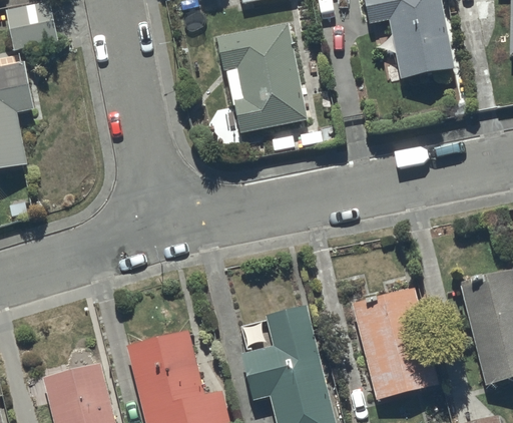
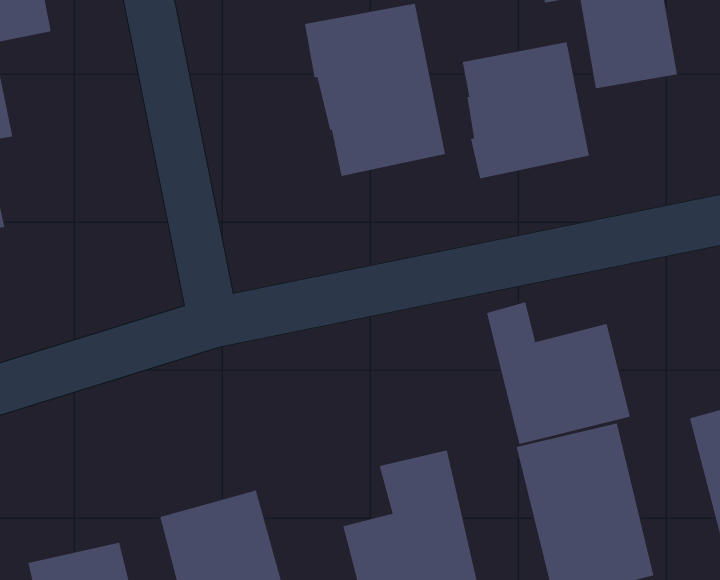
building: none -> [462,42,590,179]
building: none -> [486,301,630,445]

